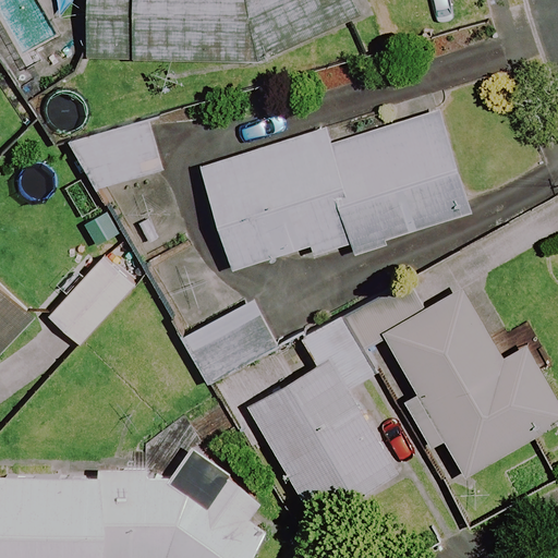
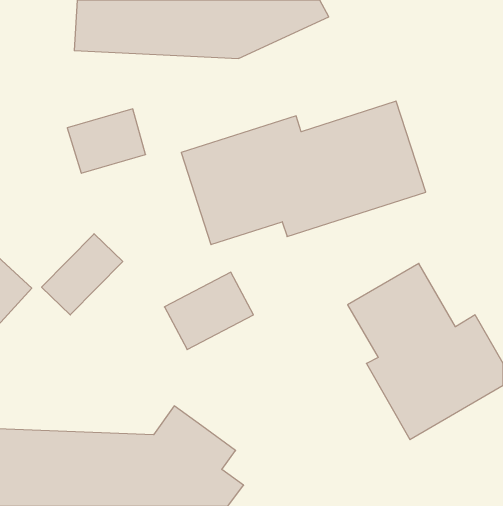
building: [246,314,396,520] -> none

